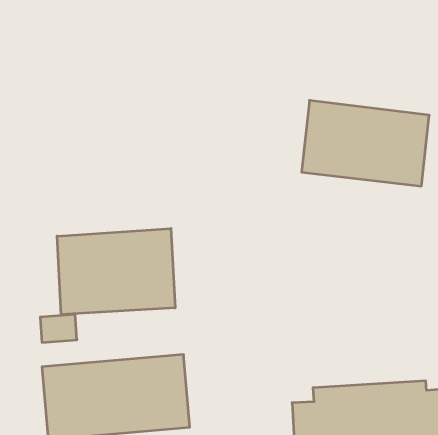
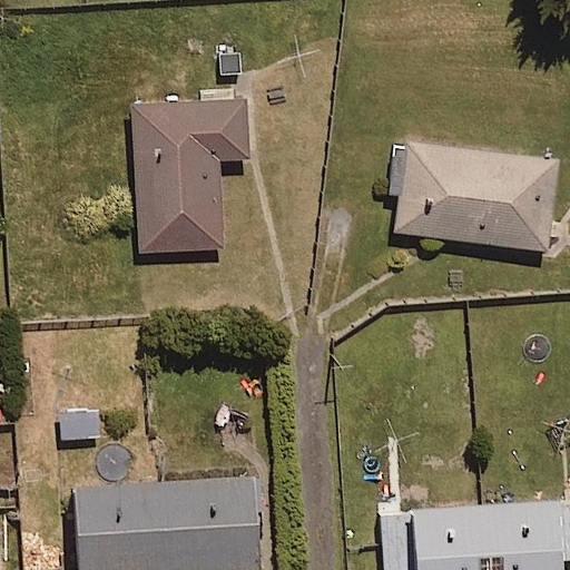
building: none -> [132,100,249,255]
building: [57,228,175,315] -> none

